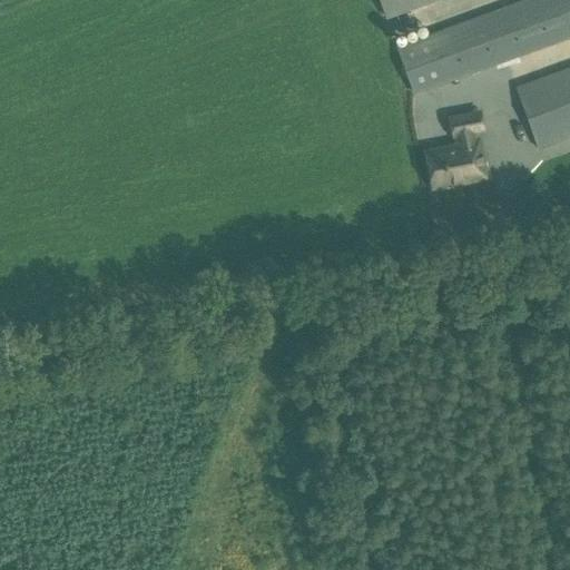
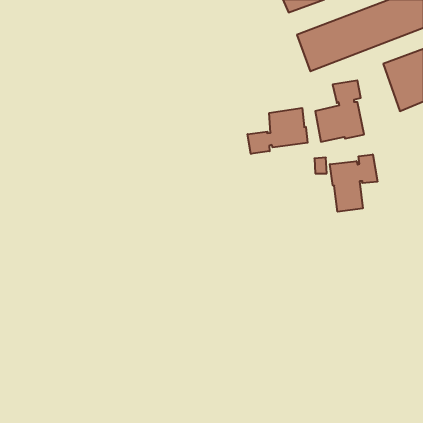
building: none -> [248,108,308,154]
building: none -> [330,154,377,212]

